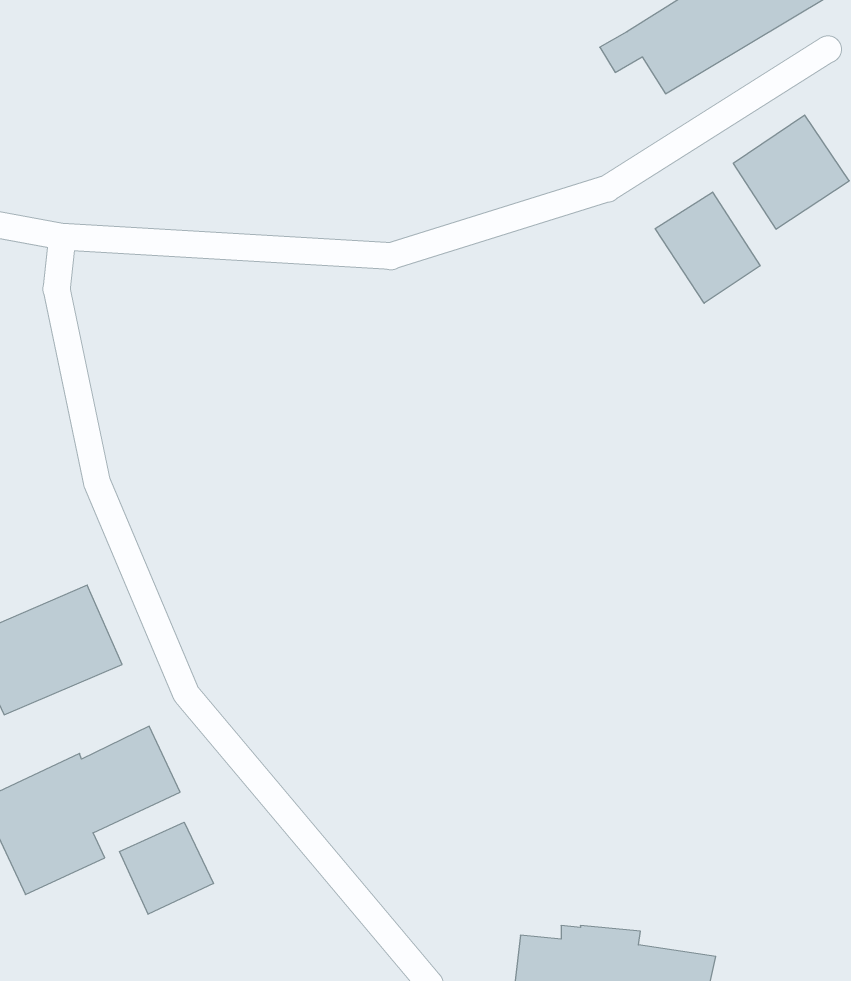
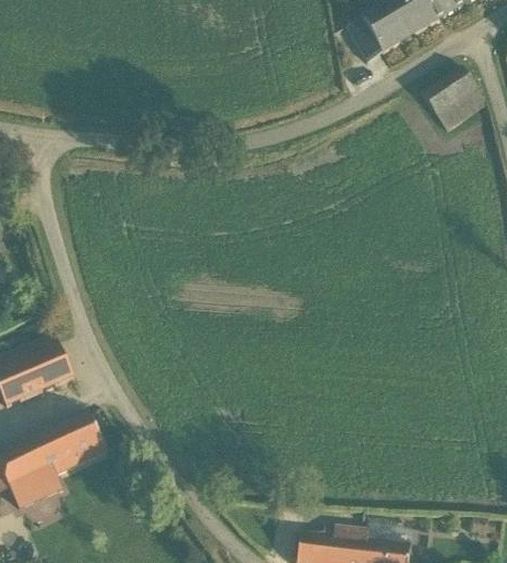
building: [655,192,760,303] -> none
building: [120,822,213,914] -> none

